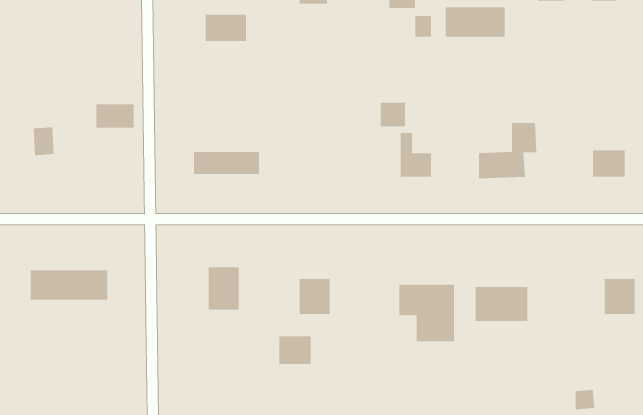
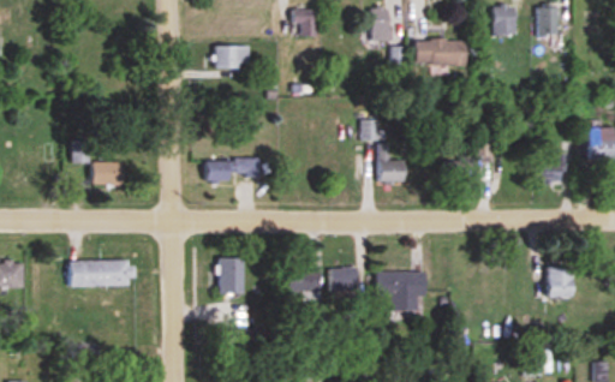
building: [95,104,134,128] -> [92,163,125,184]
building: [475,286,528,322] -> none
building: [278,336,312,365] -> [329,267,357,291]

